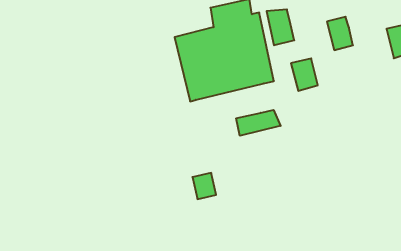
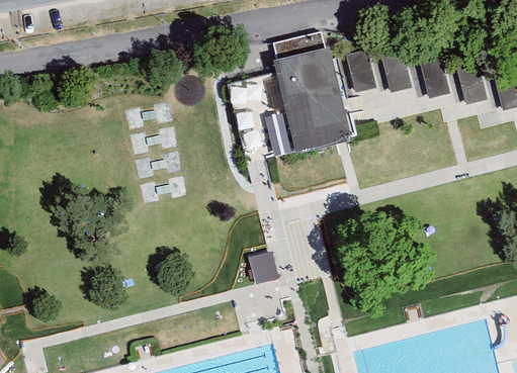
building: none -> [454,62,488,102]
building: [291,58,318,91] -> [380,53,414,93]
building: [236,110,281,136] -> none

